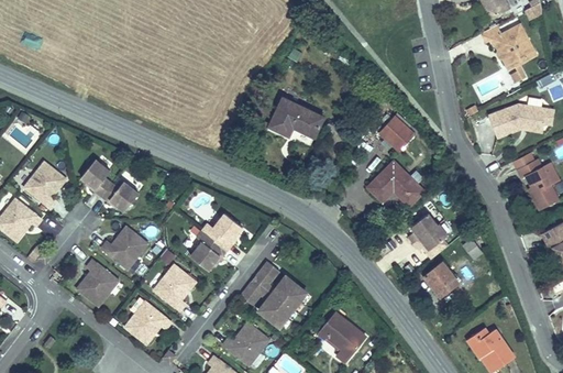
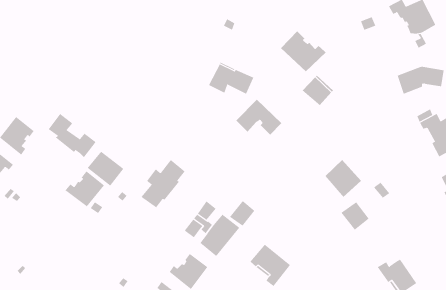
building: none -> [280,31,327,72]
building: [368,162,423,205] -> [235,99,282,135]
building: none -> [87,151,124,187]
building: [77,260,119,306] -> none
building: none -> [229,200,255,226]
building: [154,264,196,310] -> none
building: [125,297,172,344] -> none

